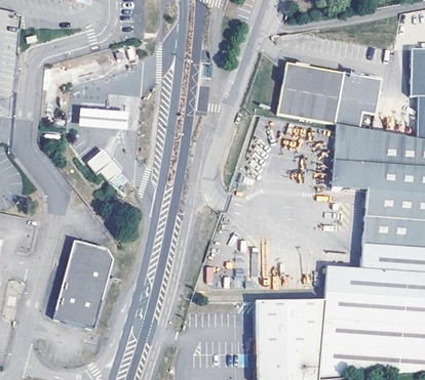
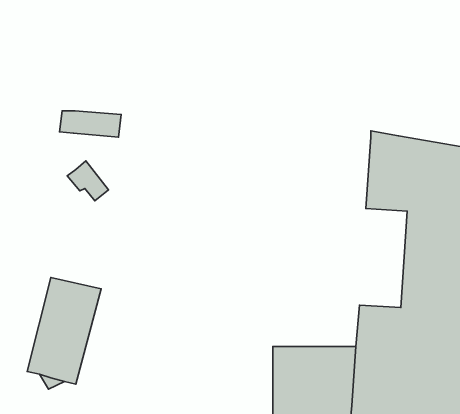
building: [275,61,379,127] -> none

